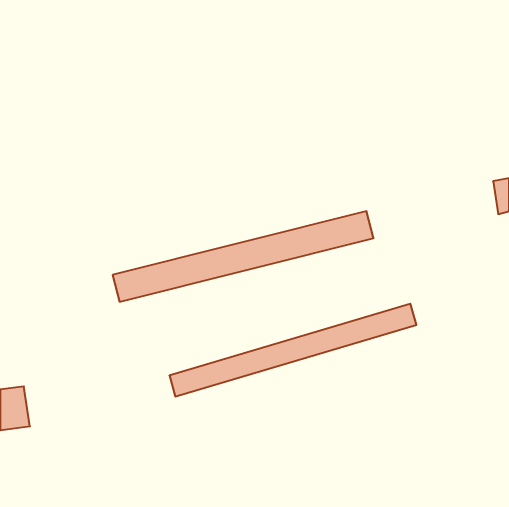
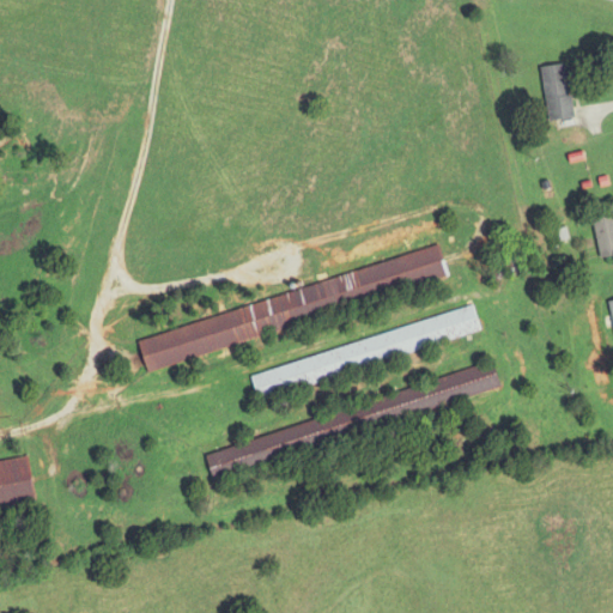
building: none -> [541,62,571,119]
building: none -> [249,308,480,396]

